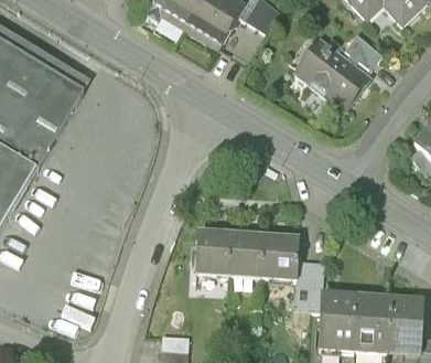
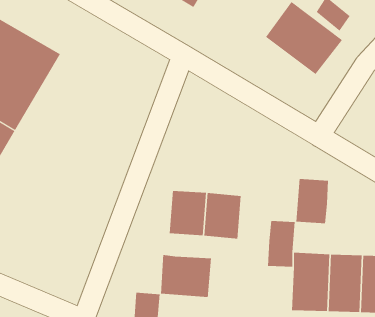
building: [266,235,300,281] -> [295,178,329,224]
building: none -> [160,254,212,298]

